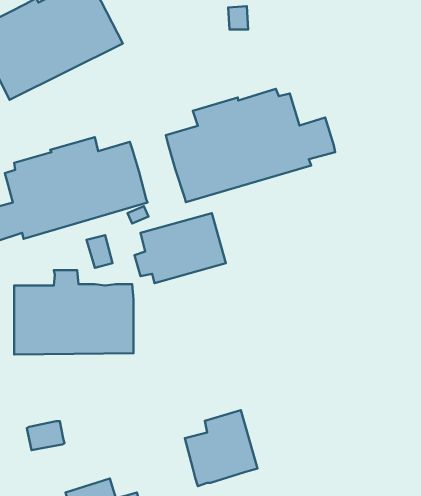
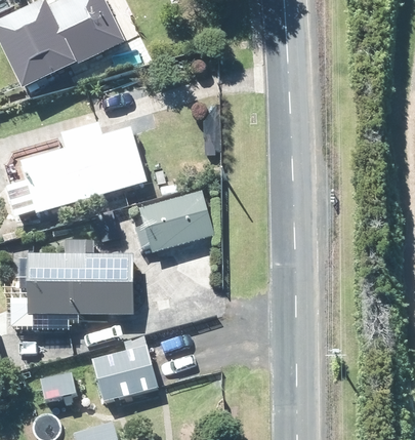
building: [166,89,335,202] -> none
building: [185,410,257,486] -> [92,334,156,401]

